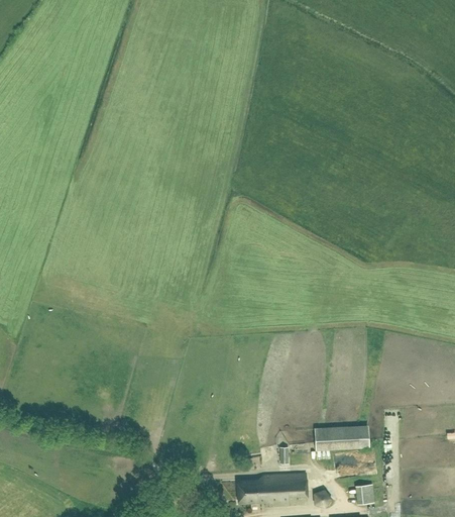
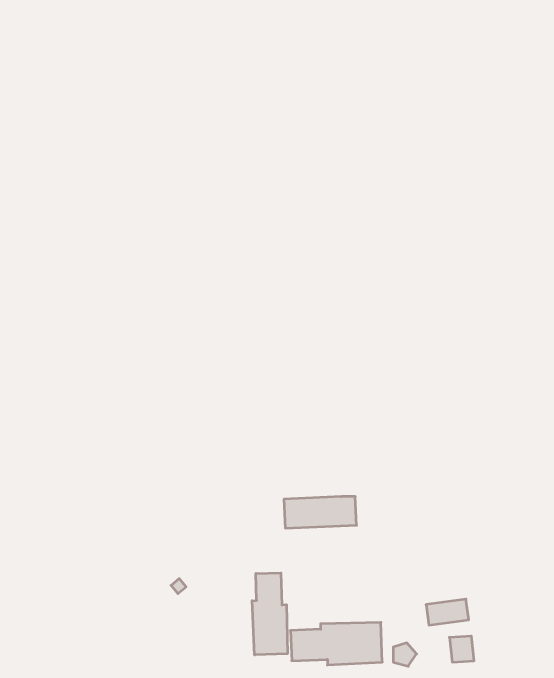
building: [315,426,368,449] -> [284,497,357,528]
building: none -> [252,573,287,655]

